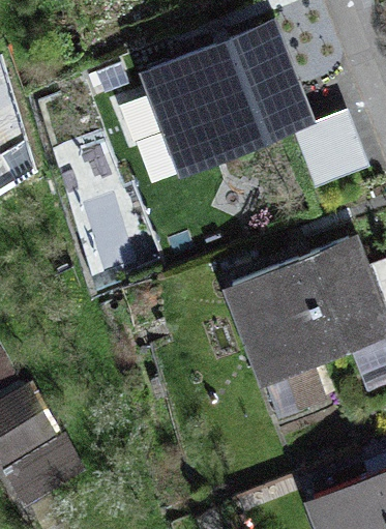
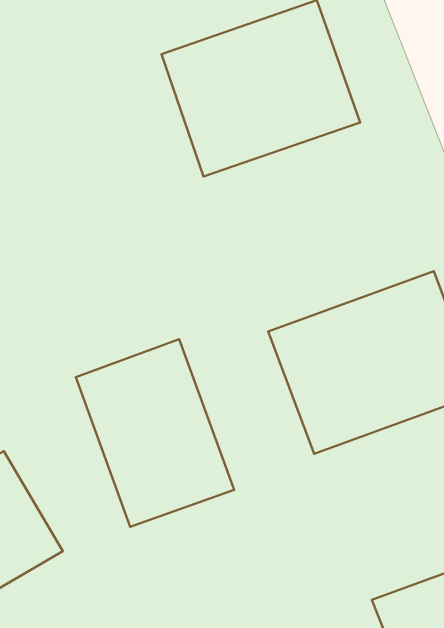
building: none -> [76,339,234,527]

